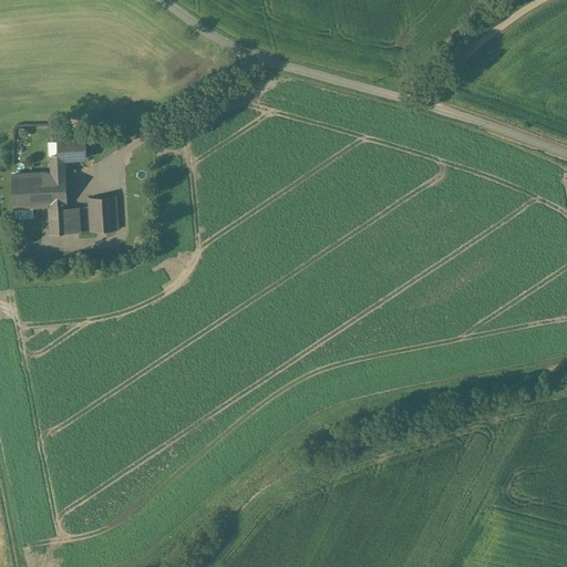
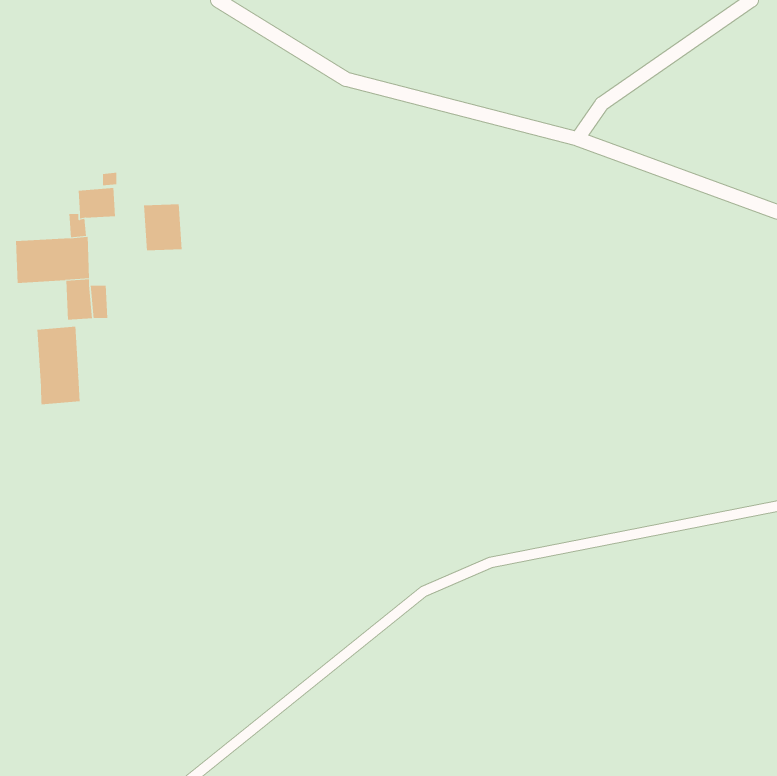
building: [87,198,116,233] -> [143,204,183,251]
building: none -> [37,326,80,405]

